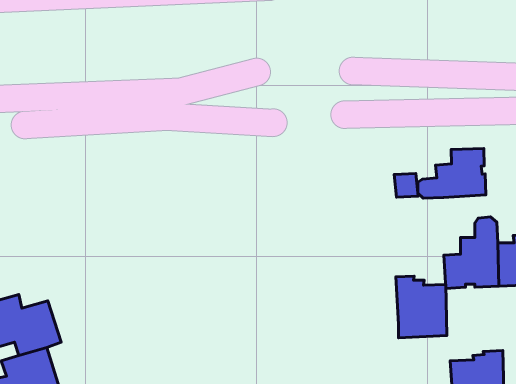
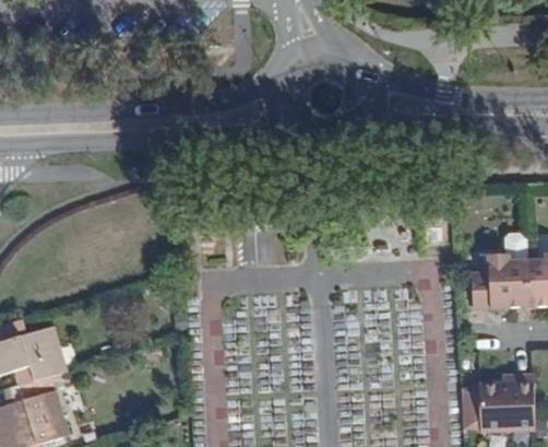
building: [418,149,486,198] -> none
building: [396,276,447,338] -> none

